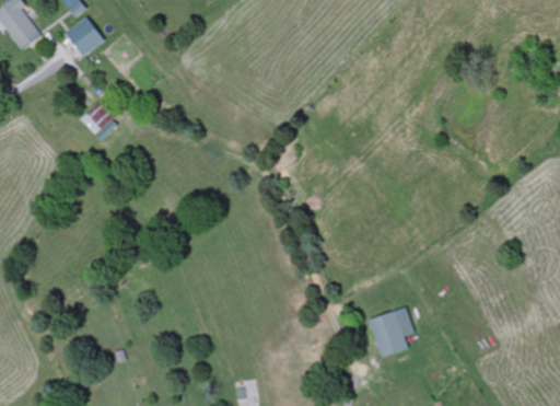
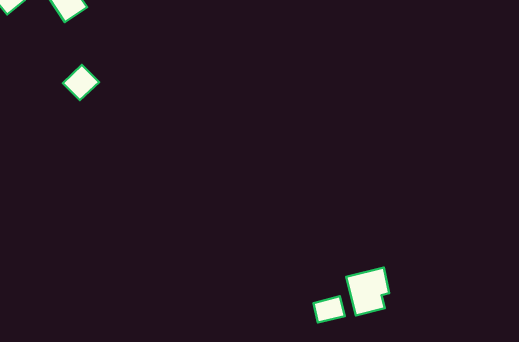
building: none -> [314,296,345,322]

